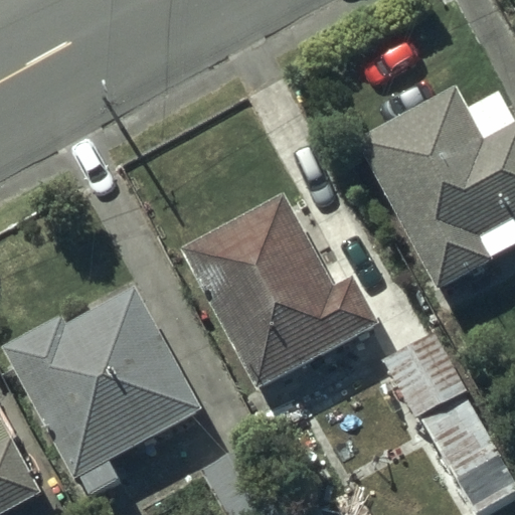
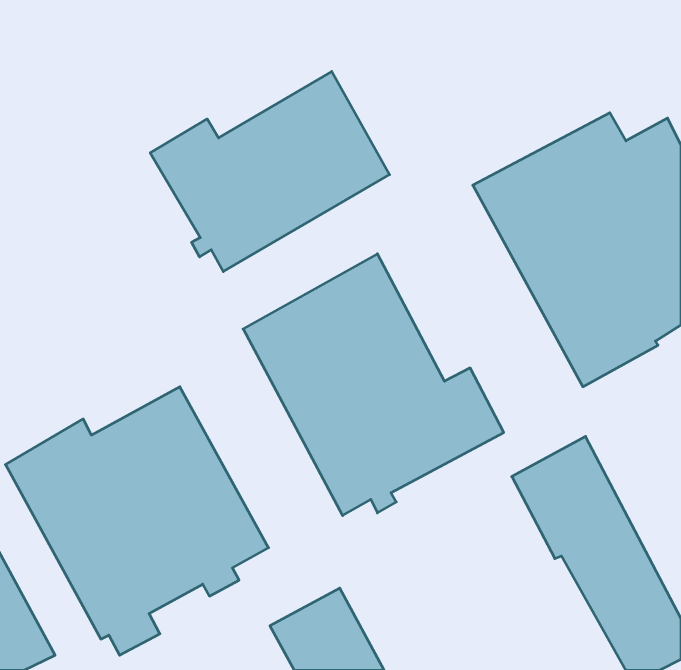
building: none -> [150,71,390,272]

